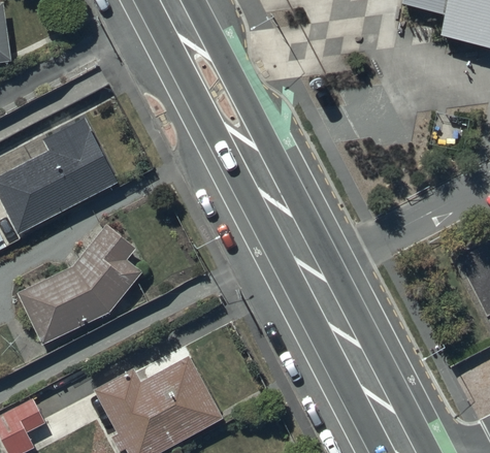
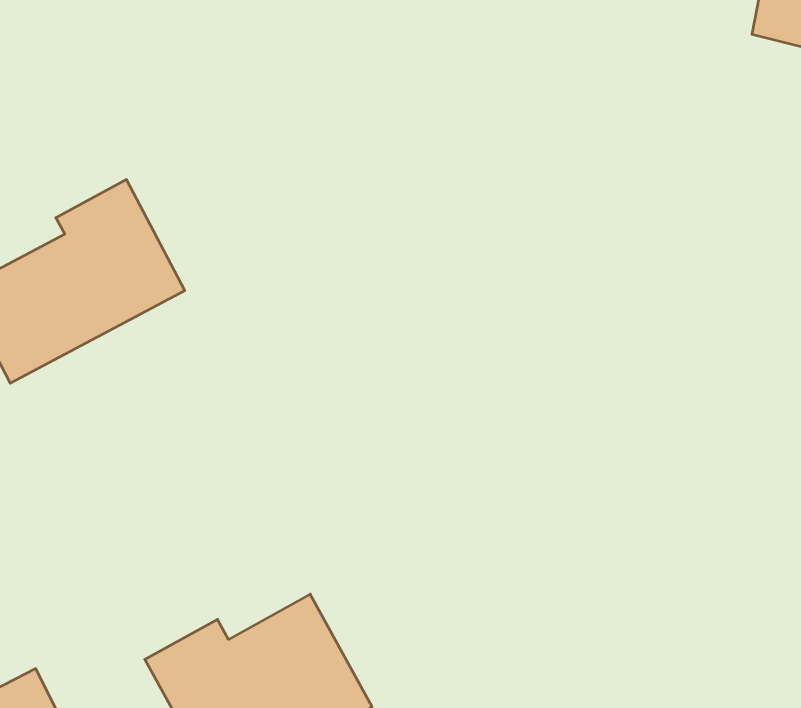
building: [17,225,140,345] -> none

